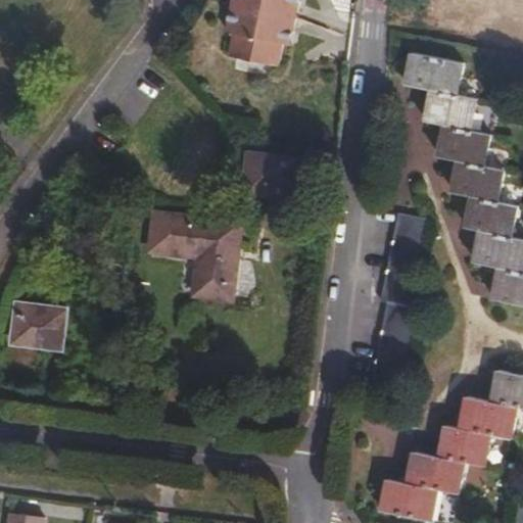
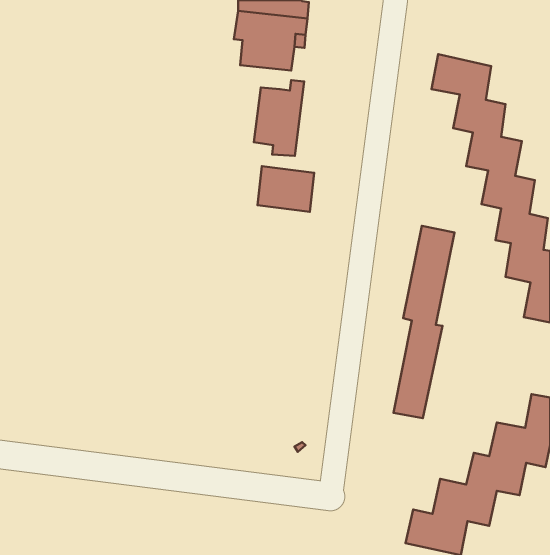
building: none -> [254,80,304,156]
building: [148,212,237,299] -> none
building: [7,303,63,350] -> none

